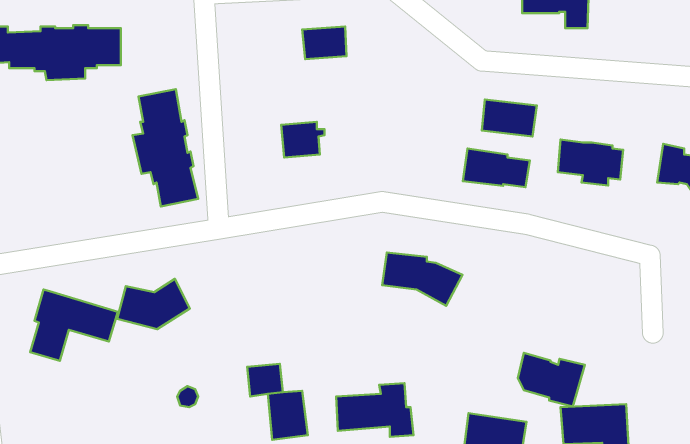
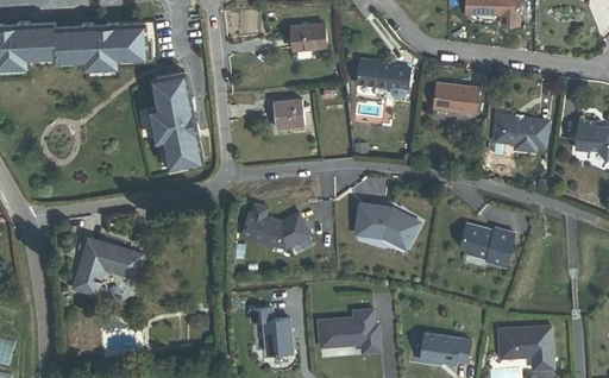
building: [463,149,530,187] -> [357,58,410,89]
building: [117,279,190,329] -> [253,209,312,250]
building: [518,353,585,407] -> [460,225,514,267]

